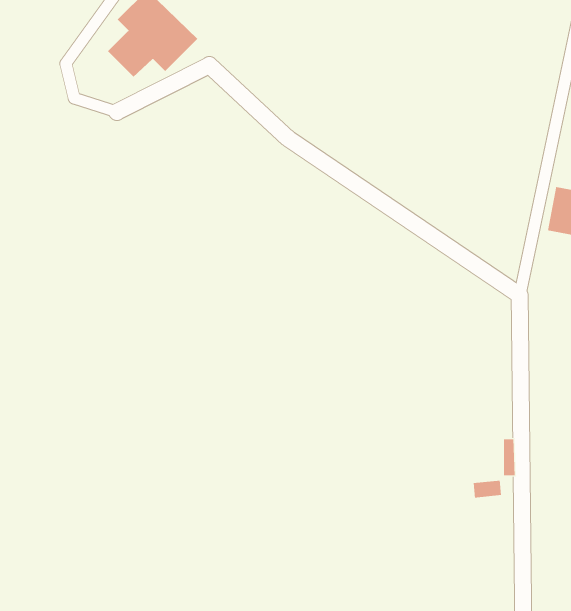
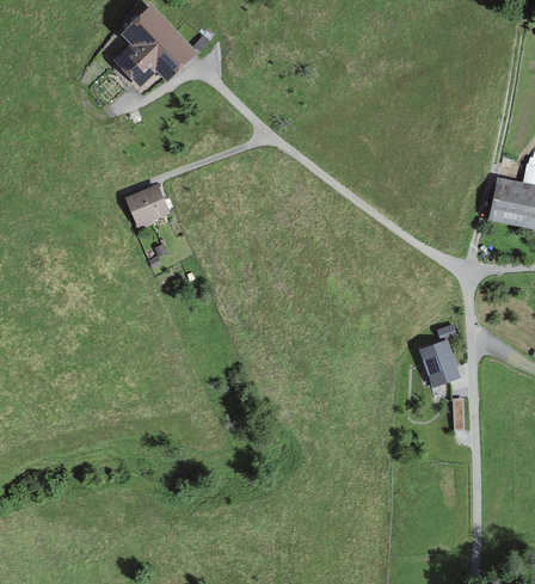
building: none -> [124,186,166,223]
building: none -> [420,342,459,386]

